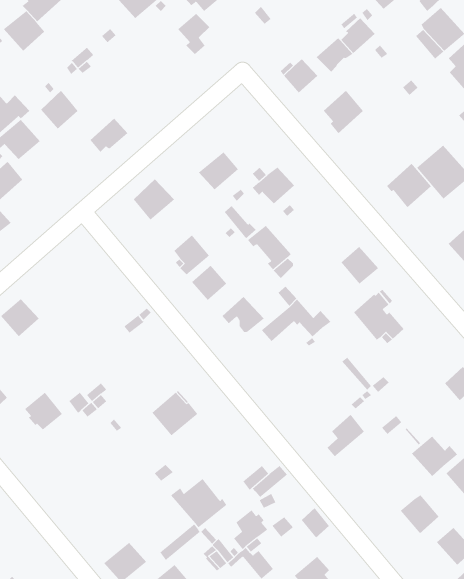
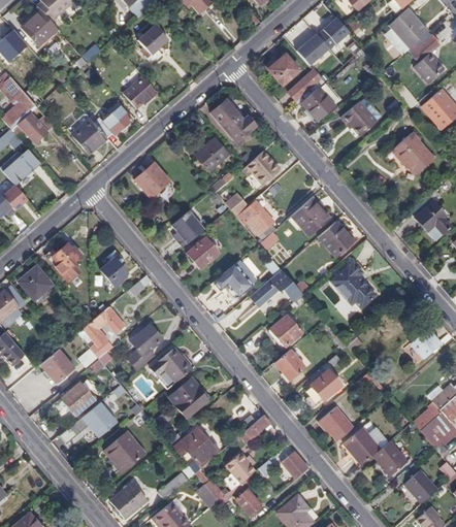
building: [177,13,210,55] -> [138,26,167,63]
building: none -> [288,70,324,103]
building: none -> [123,74,158,107]
building: [40,90,79,129] -> [72,119,106,154]
building: none -> [207,98,253,140]
building: [386,163,432,208] -> [341,97,382,137]
building: none -> [291,196,327,232]
building: none -> [46,243,80,282]
building: none -> [101,253,128,287]
building: none -> [84,306,125,343]
building: none -> [269,312,302,344]
building: none -> [129,324,164,369]
building: none -> [273,348,305,380]
building: none -> [169,376,207,416]
building: none -> [62,382,95,414]
building: [411,436,458,477] -> [343,427,384,463]
building: none -> [60,401,116,443]
building: none -> [320,405,354,439]
building: none -> [102,430,142,469]

